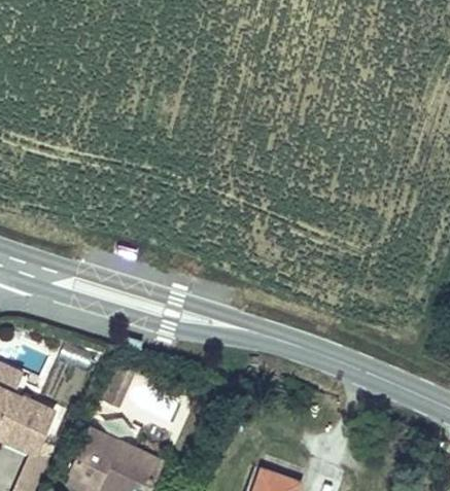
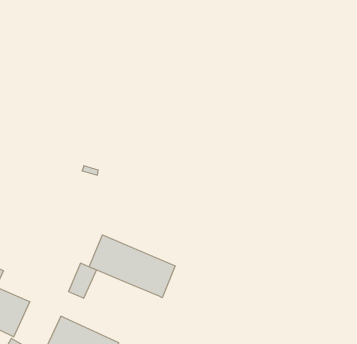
building: none -> [89,235,175,298]

